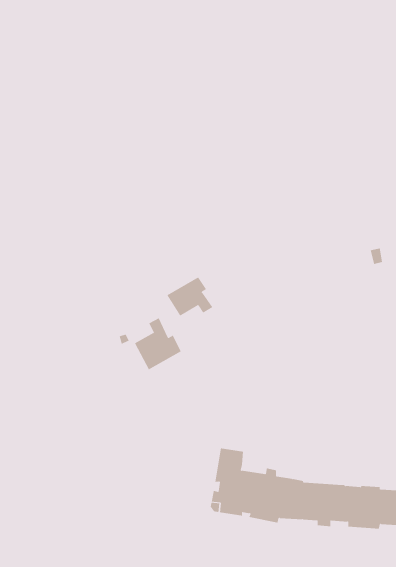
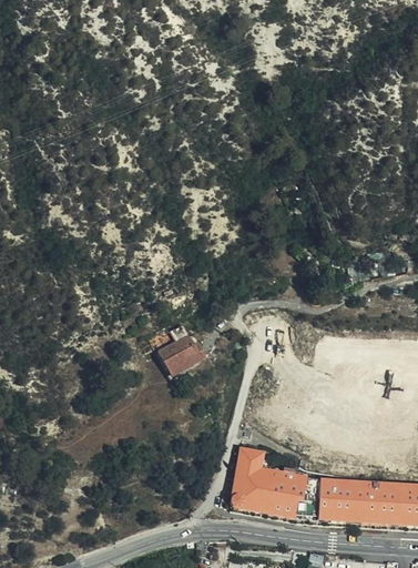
building: [166,277,213,316] -> none

